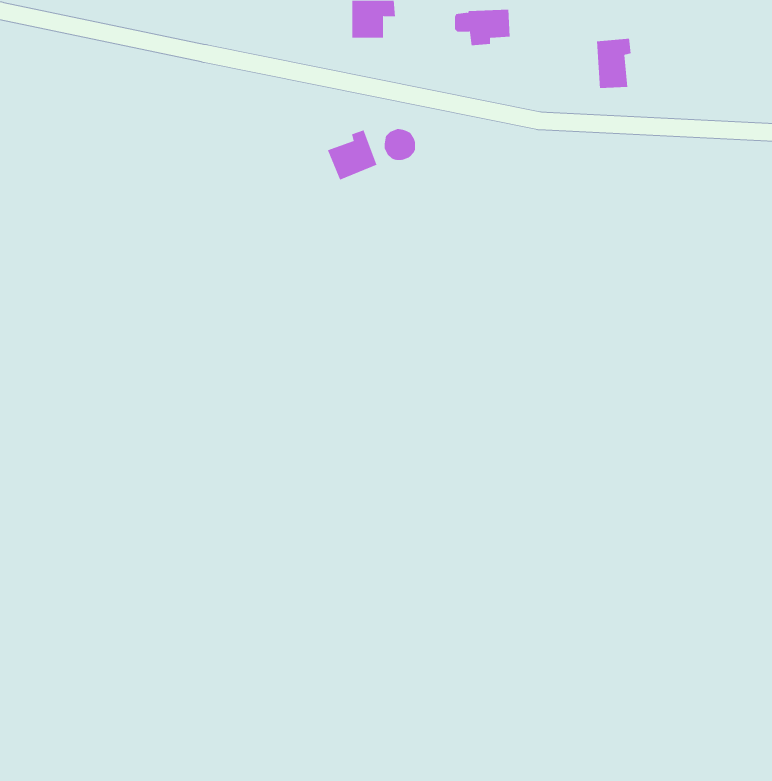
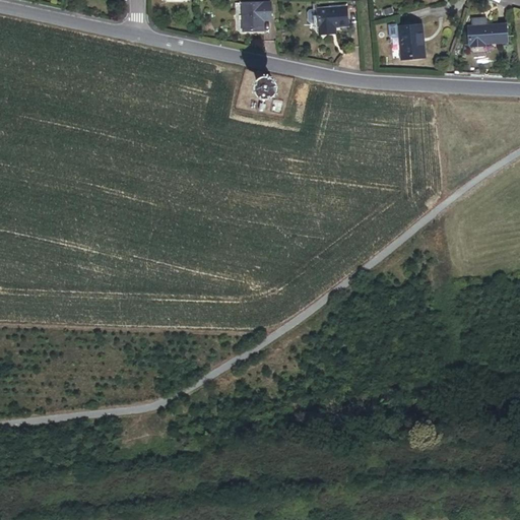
building: none -> [471,26,511,49]
building: [327,129,377,180] -> none

